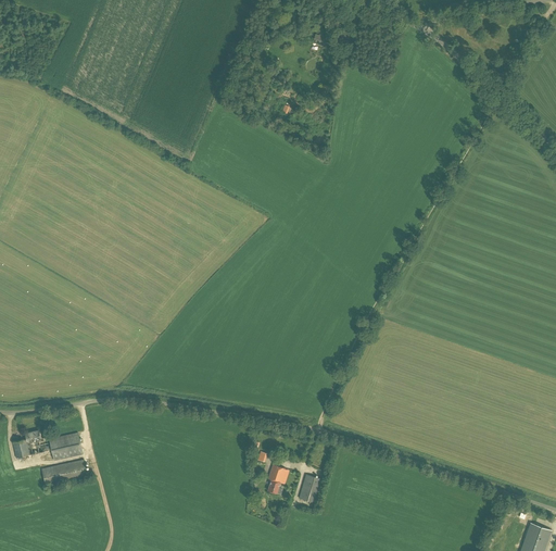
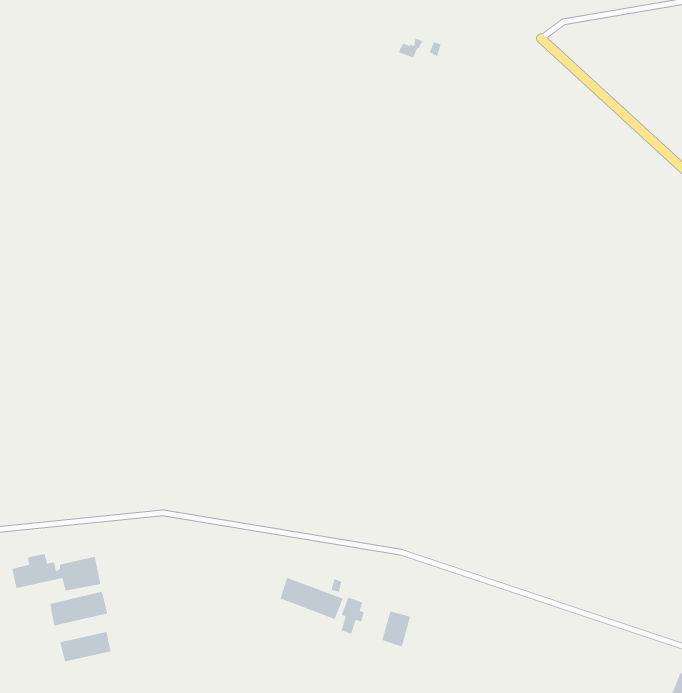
building: none -> [280,577,343,620]
building: none -> [59,631,111,662]

